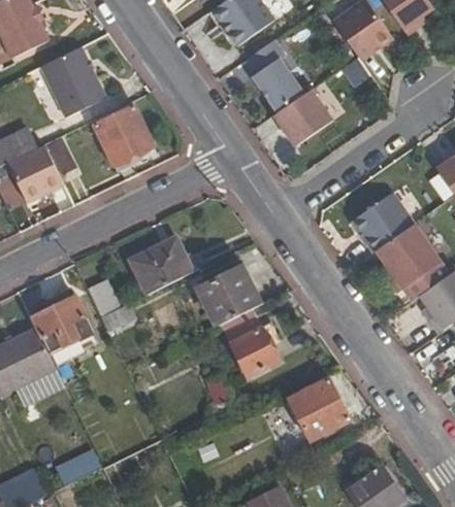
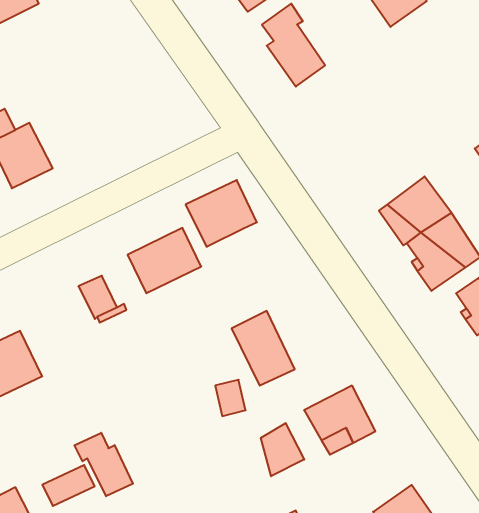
building: [41,47,104,116] -> none
building: [273,89,333,146] -> none
building: [94,106,152,166] -> none
building: [201,268,264,327] -> [186,180,257,247]
building: [33,289,86,344] -> none
building: none -> [261,423,304,476]
building: none -> [74,433,133,496]

